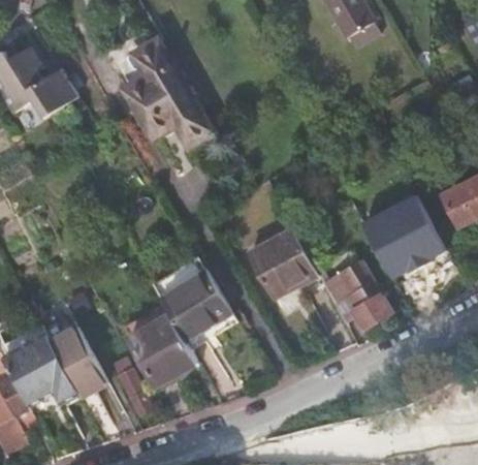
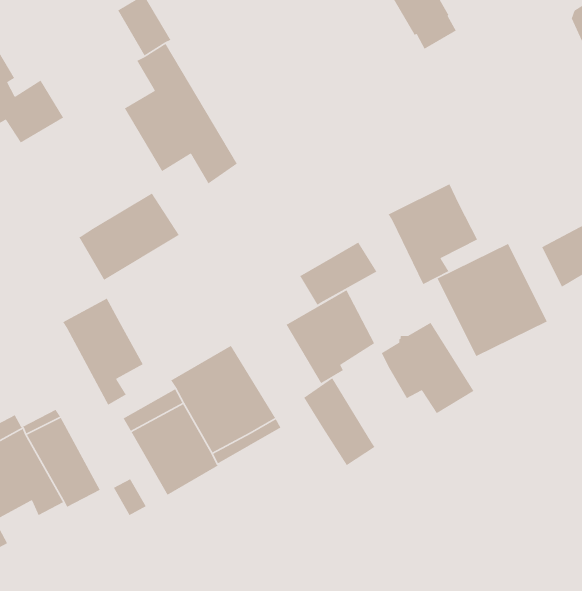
building: none -> [387,183,478,285]
building: none -> [78,192,180,281]
building: none -> [299,241,377,306]
building: none -> [62,297,144,406]
building: none -> [303,377,375,466]

